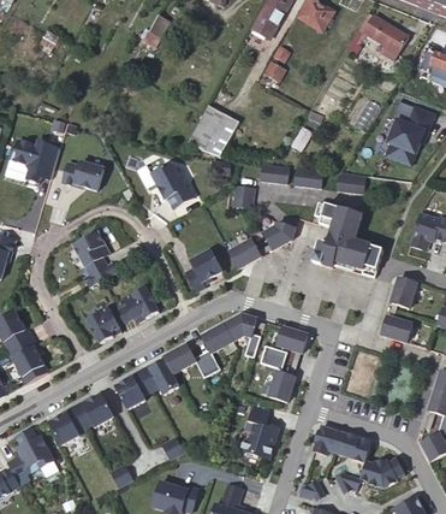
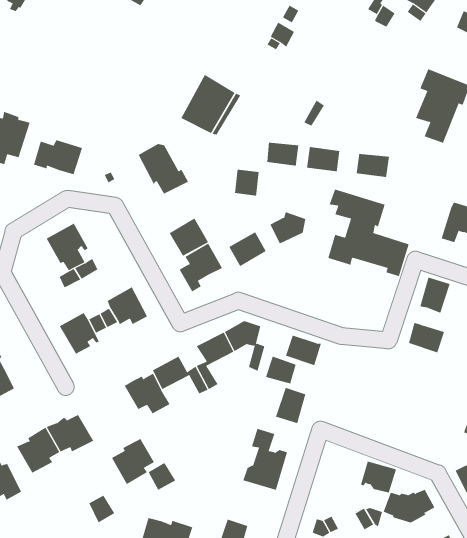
building: none -> [169,217,209,256]
building: [114,370,151,409] -> [111,438,155,485]
building: [314,425,346,454] -> none

